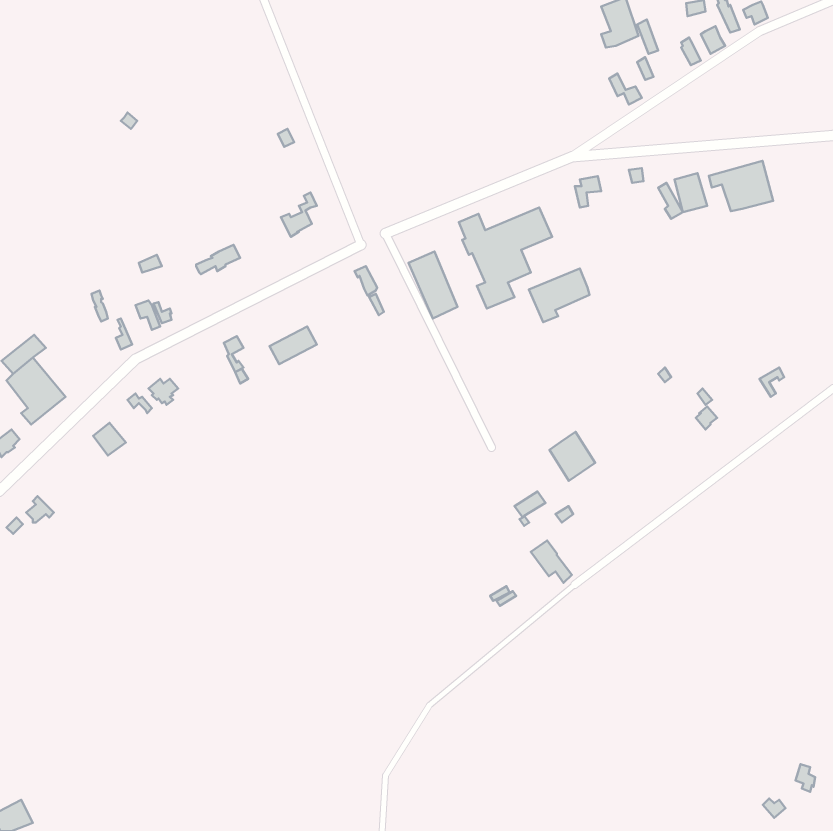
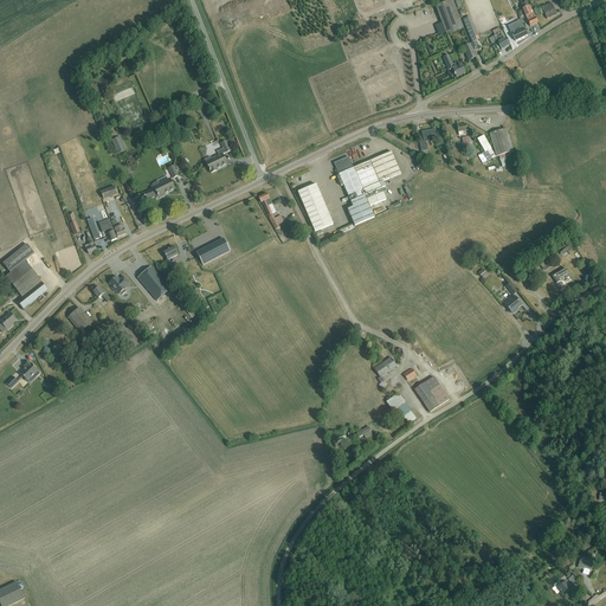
building: [709,161,773,211] -> none
building: [529,269,590,322] -> none
building: none -> [136,265,169,299]
building: [549,432,595,481] -> [414,375,447,411]

